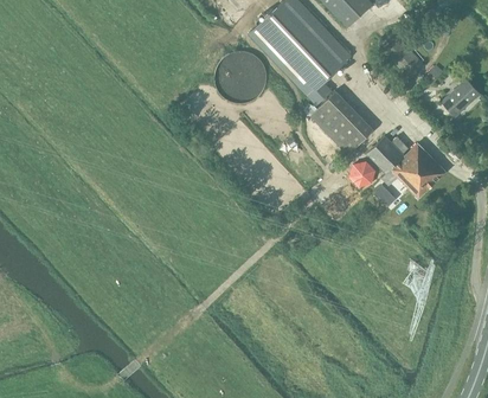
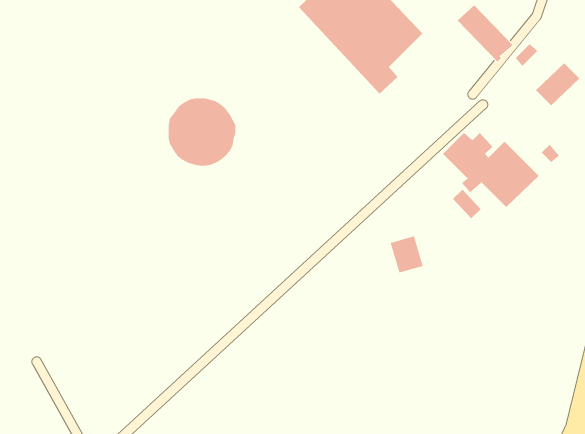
building: [213,49,269,104] -> [168,98,236,166]
building: [309,90,373,154] -> none
building: [349,156,377,187] -> [390,236,423,273]

